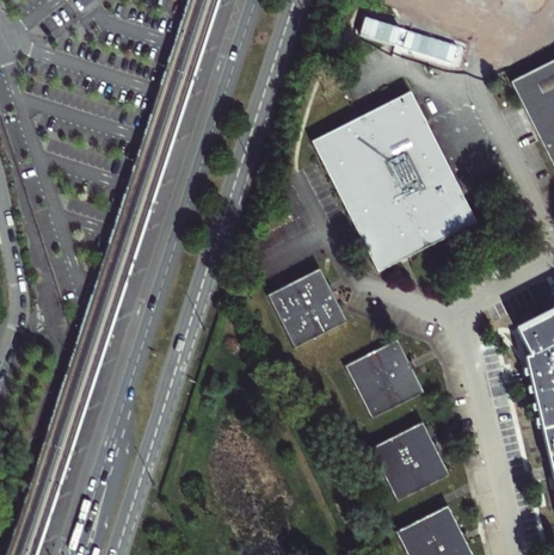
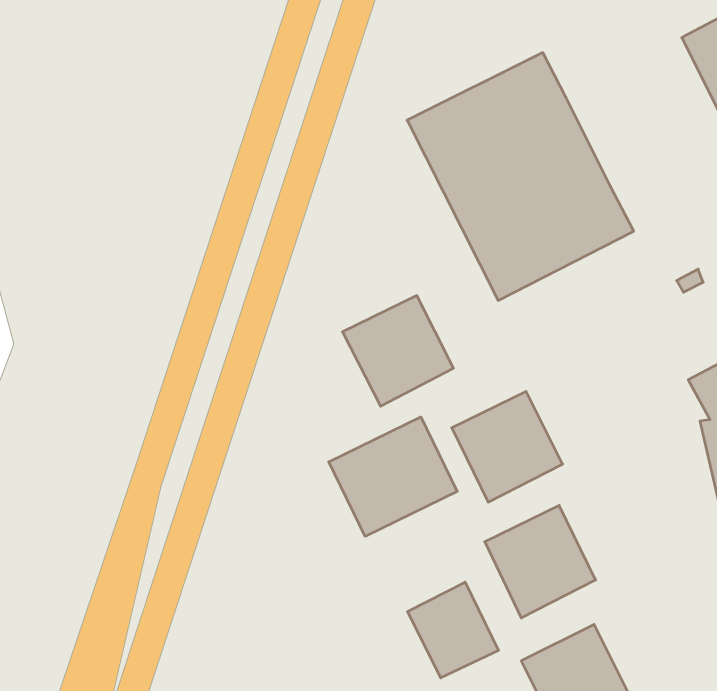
building: none -> [329,417,457,536]
building: none -> [408,582,499,678]

